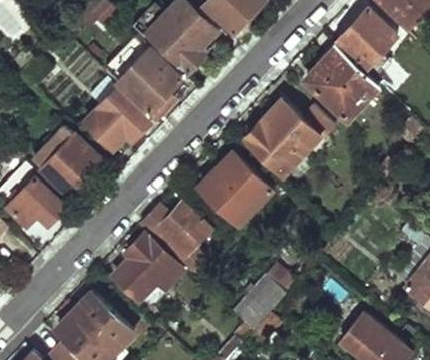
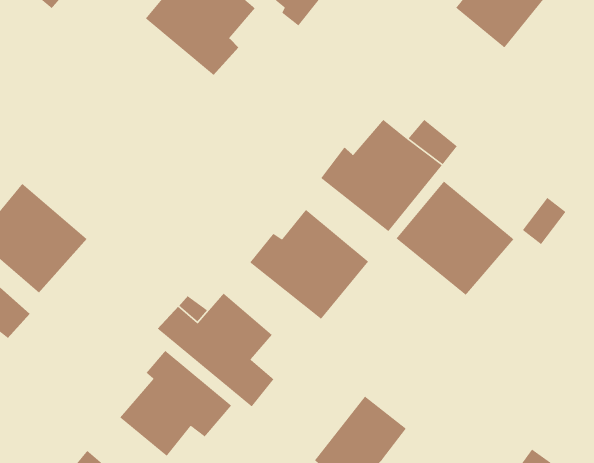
building: [307,47,379,118] -> [396,180,514,296]
building: [119,48,180,111] -> none
building: [84,89,148,148] -> none

